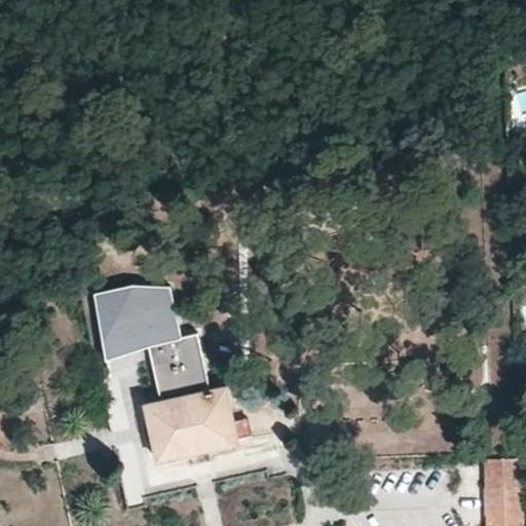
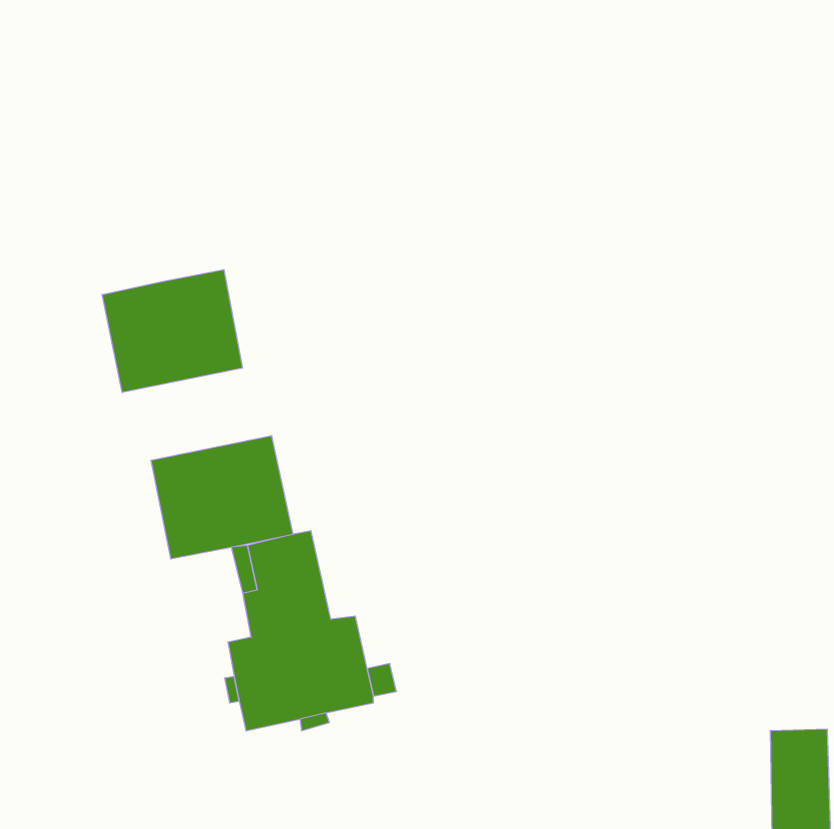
building: none -> [102,270,242,393]

